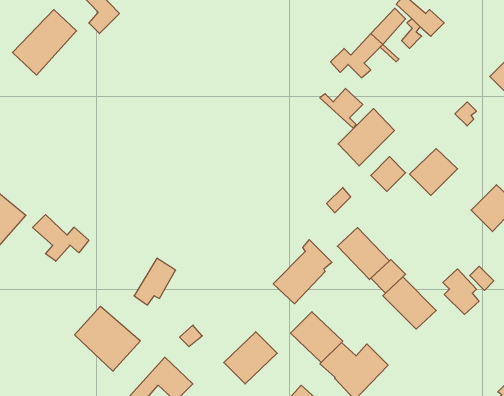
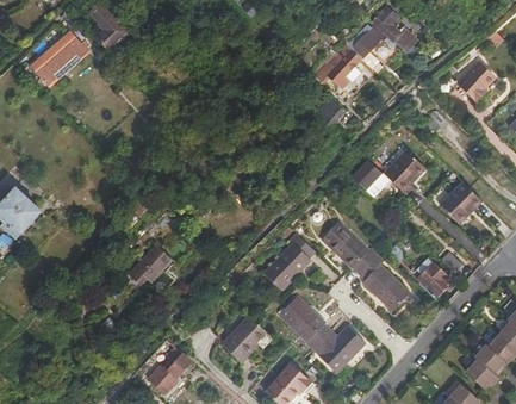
building: [338,109,394,166] -> none
building: [33,215,89,261] -> none
building: [75,306,140,371] -> none

